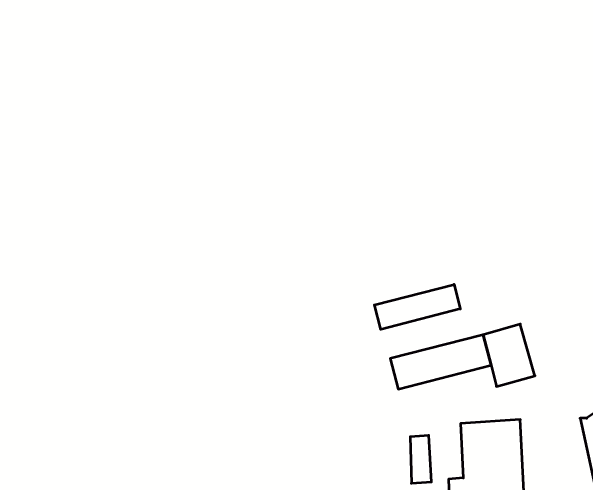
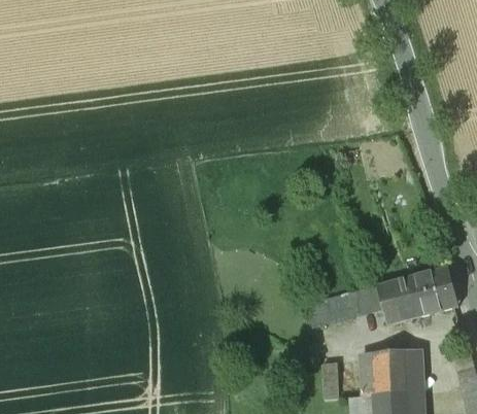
building: [374,284,460,329] -> none
building: none -> [419,263,470,313]

